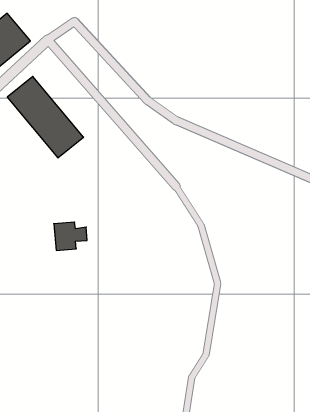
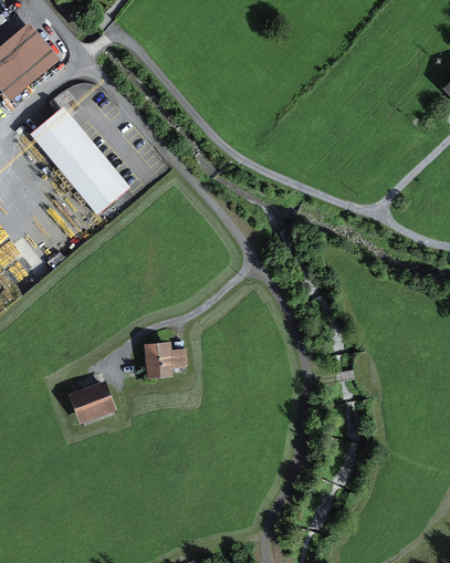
building: [54,222,87,250] -> [143,342,187,379]
building: none -> [67,379,116,426]

